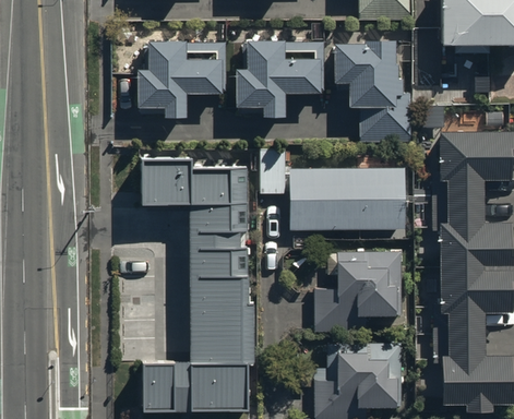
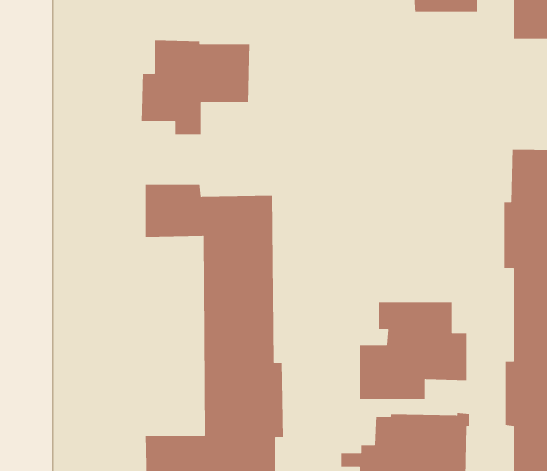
building: [237,41,323,117] -> none
building: [335,41,411,144] -> none
building: [262,152,406,231] -> none

